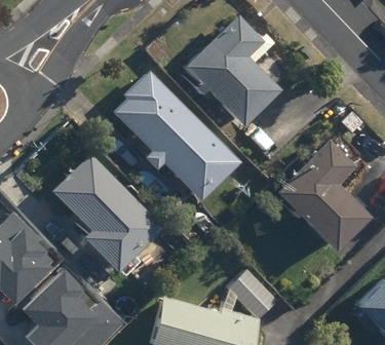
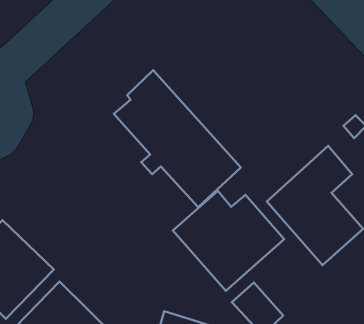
building: [191,15,283,125] -> none
building: [40,157,147,275] -> none
building: none -> [173,191,284,291]

